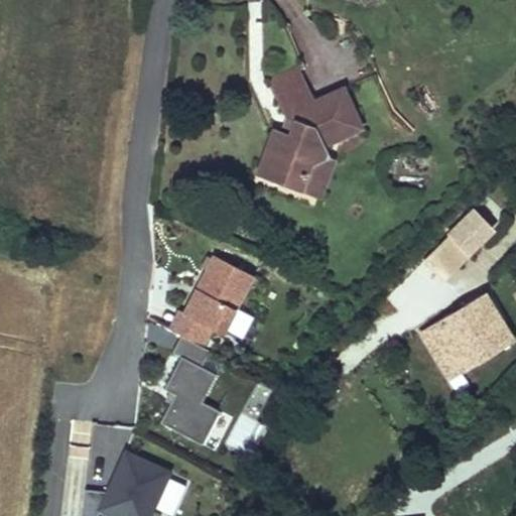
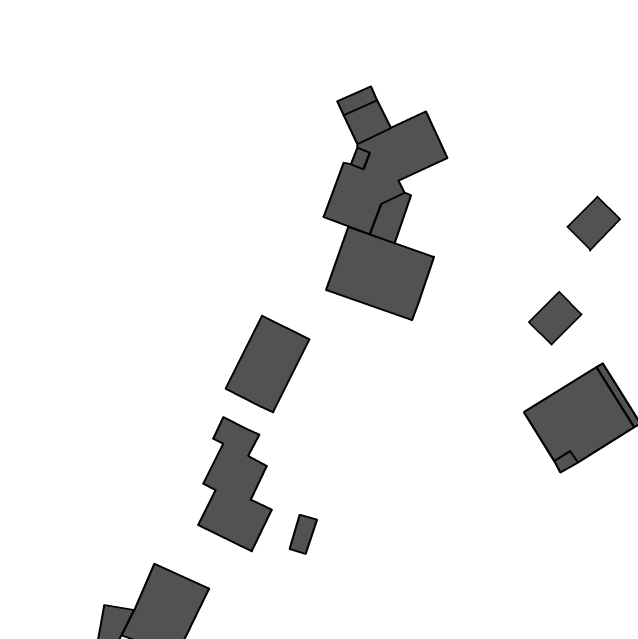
building: none -> [326,227,434,320]
building: [452,212,494,255] -> [567,197,620,251]
building: [169,311,211,347] -> none

